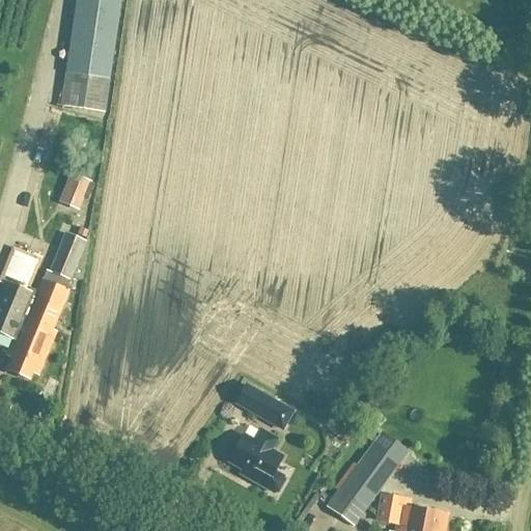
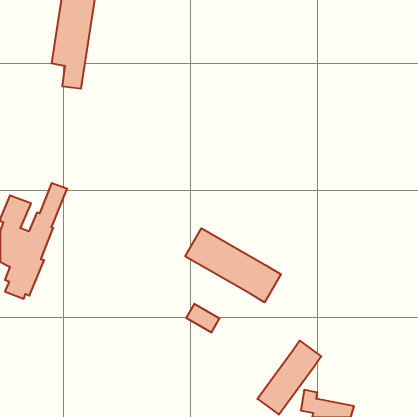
building: [62,174,93,204] -> none
building: none -> [185,228,281,302]
building: [229,429,285,492] -> none

